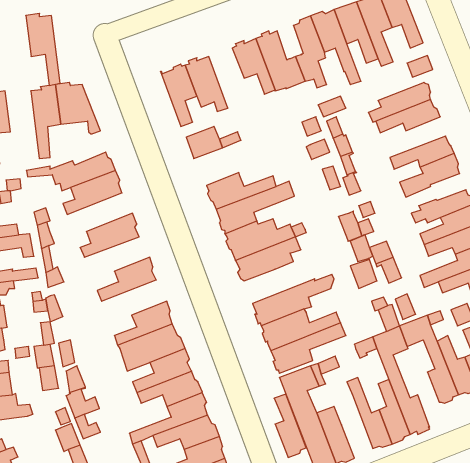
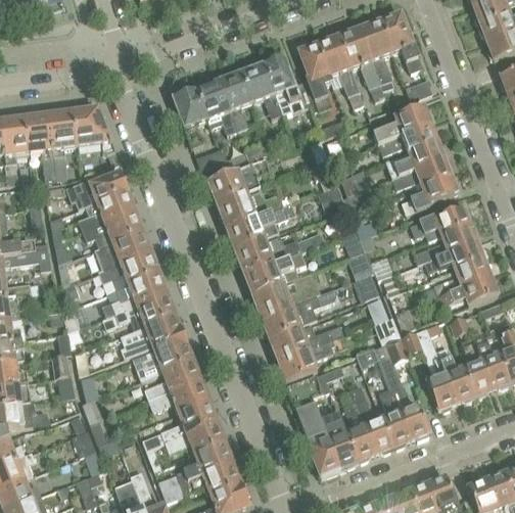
building: [26,13,60,85] -> [24,111,56,180]
building: none -> [218,72,251,130]
building: none -> [386,138,443,177]
building: none -> [207,154,280,203]
building: none -> [83,211,145,247]
building: none -> [99,252,161,289]
building: none -> [251,273,319,316]
building: none -> [102,293,178,330]
building: [274,394,306,457] -> [343,403,374,463]

